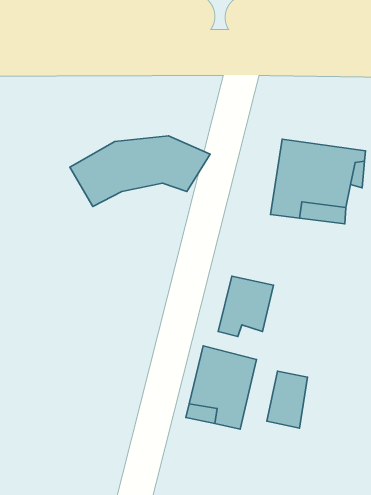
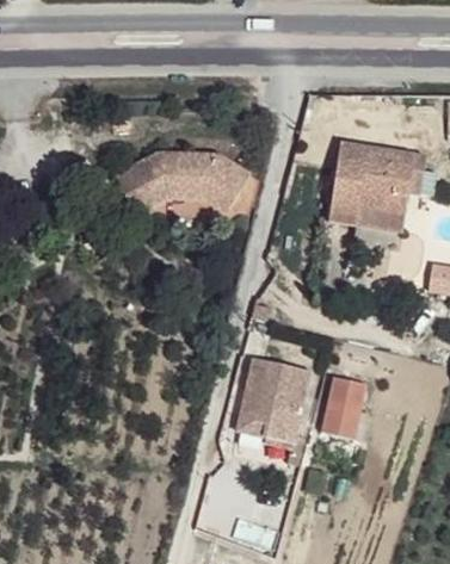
building: [218,276,274,336] -> none

